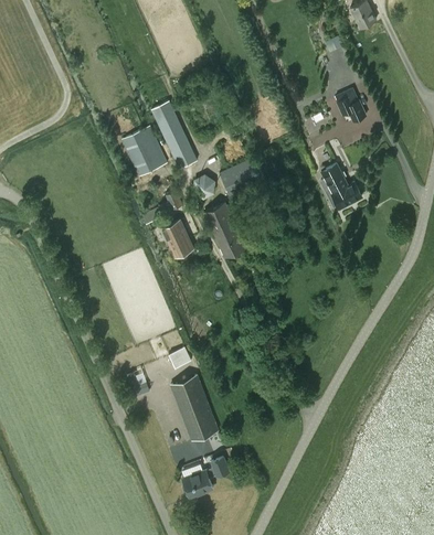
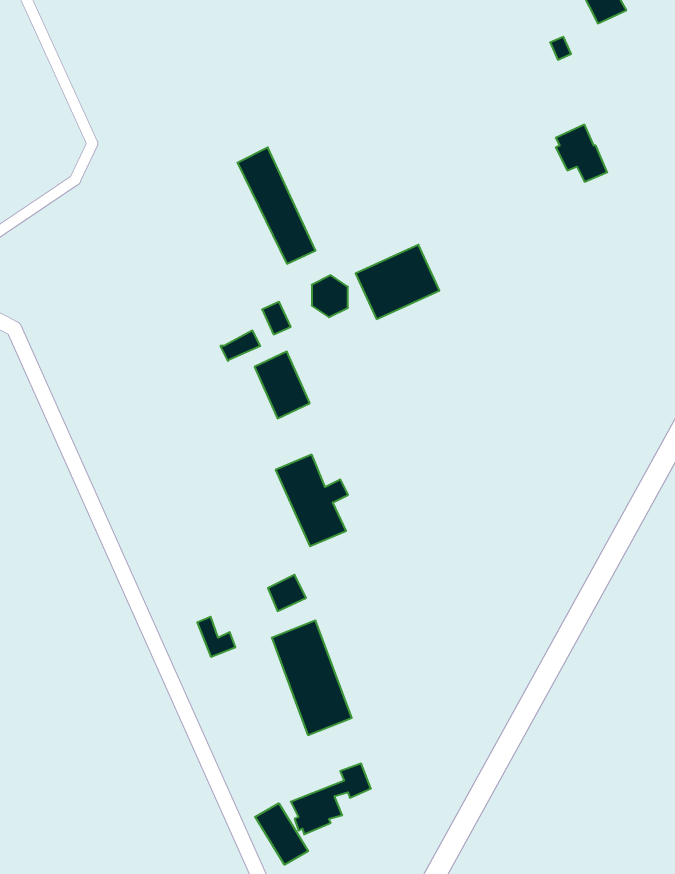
building: [123,126,168,175] -> none
building: [320,164,362,208] -> none
building: [204,203,246,256] -> [276,455,348,546]
building: none -> [255,803,308,865]

